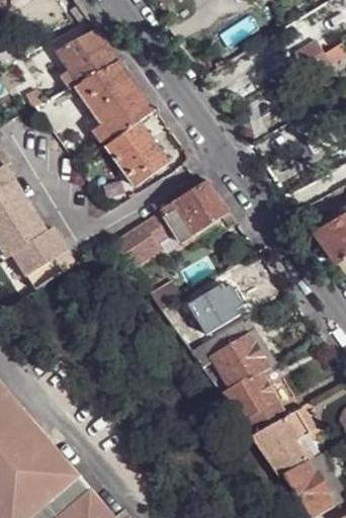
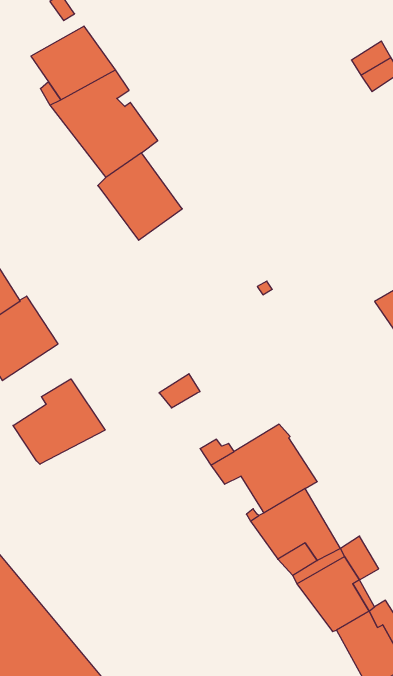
building: [113,180,228,268] -> none
building: [186,285,237,335] -> none
building: none -> [13,379,105,464]

